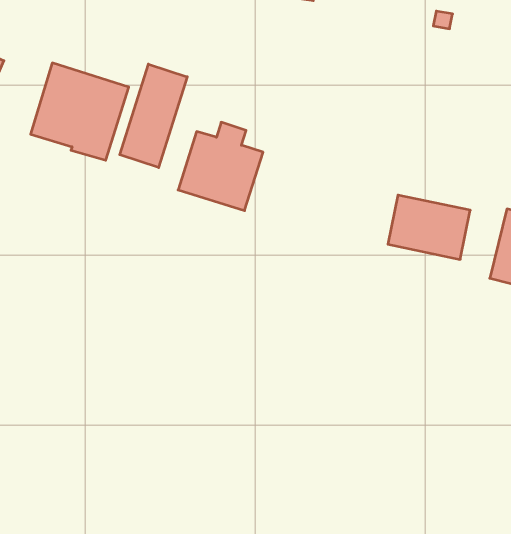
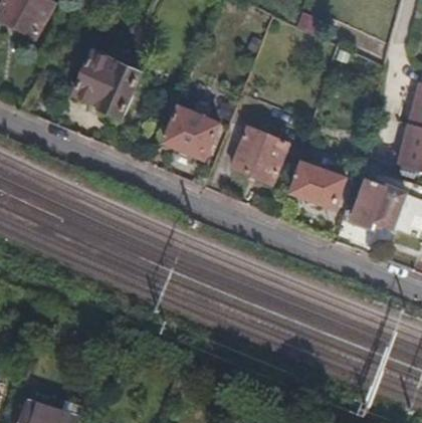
building: [120,64,187,168] -> none
building: none -> [228,126,287,183]

